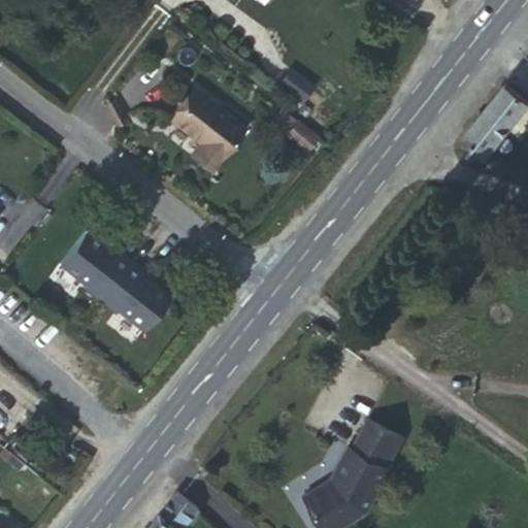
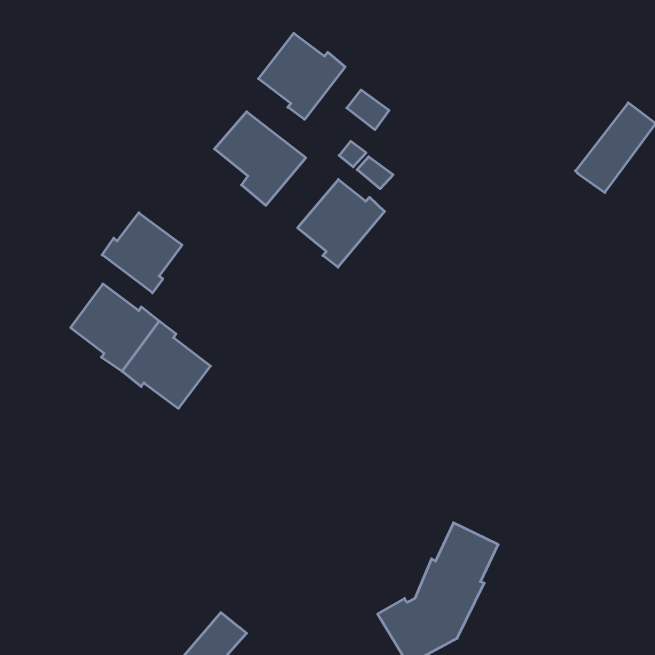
building: none -> [258,33,345,119]
building: none -> [298,179,385,267]
building: none -> [102,213,182,293]

